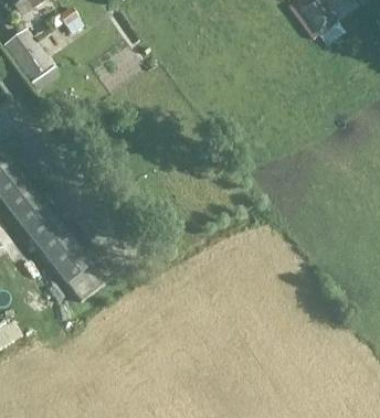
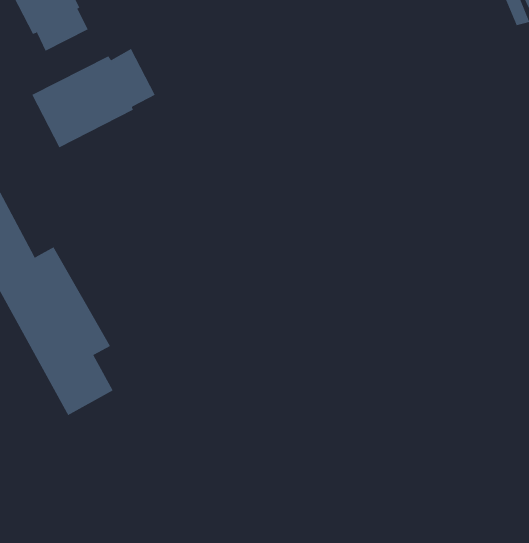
building: none -> [31,48,155,148]

